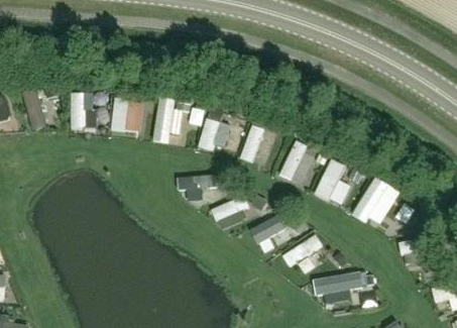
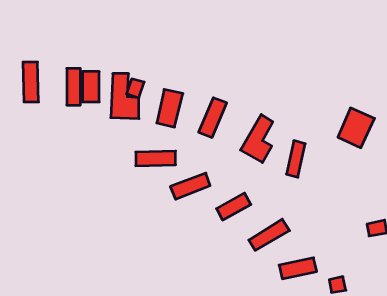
building: [357,181,392,219] -> [338,108,375,148]

